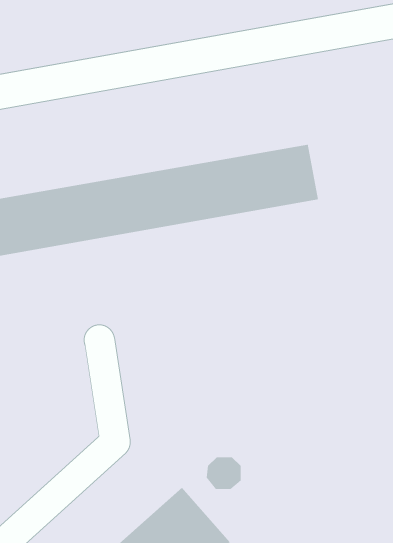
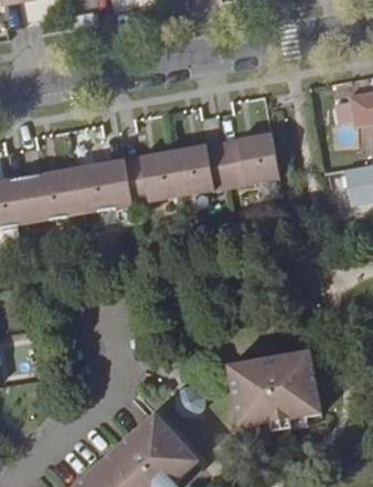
building: none -> [238,358,320,433]

